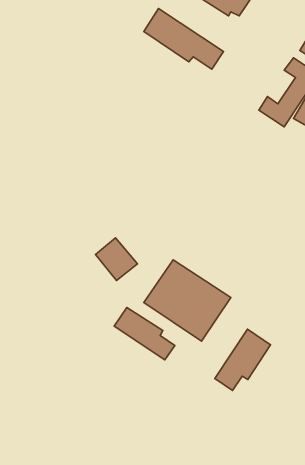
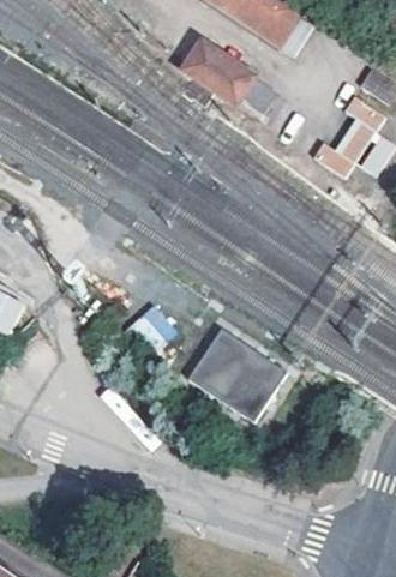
building: [114,307,175,360] -> none
building: [215,329,270,391] -> none

